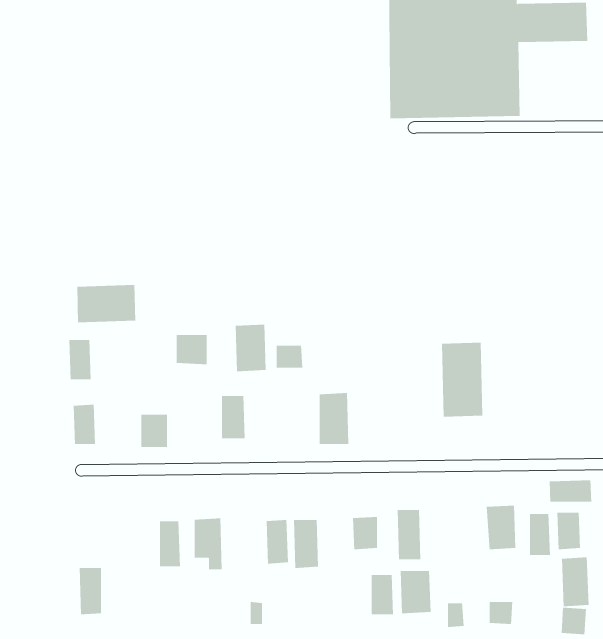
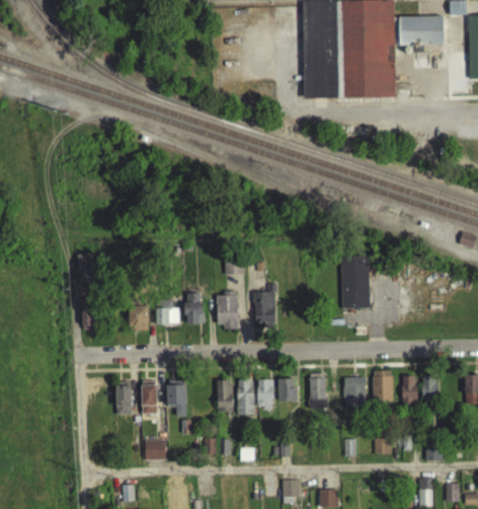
building: [77,284,136,323] -> none
building: [235,324,267,372] -> [216,294,238,328]
building: [176,334,208,365] -> [156,303,178,324]
building: [549,479,592,503] -> none
building: [561,557,589,607] -> none
building: [79,567,102,615] -> [115,381,132,415]
building: [400,570,431,614] -> [343,377,366,408]
building: [371,574,394,615] -> [257,379,273,408]
building: none -> [144,439,166,459]

